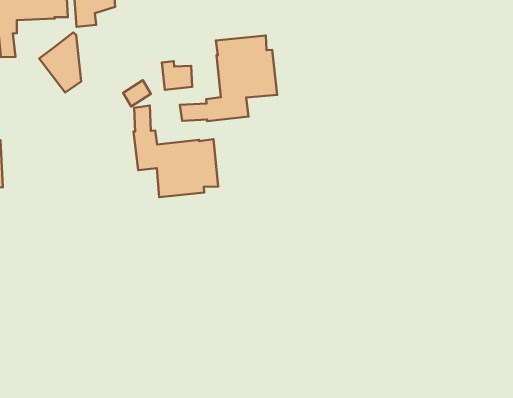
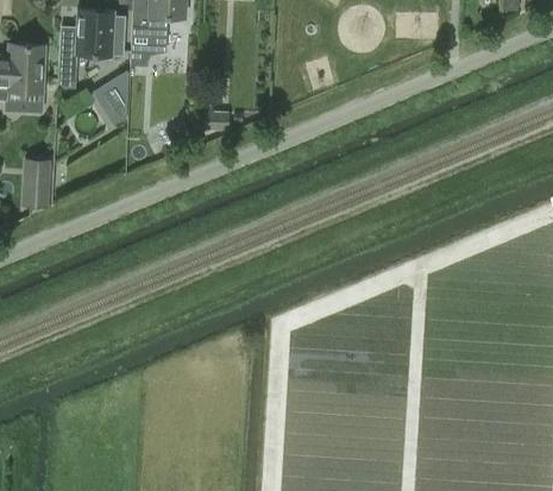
building: [180,36,277,121] -> none
building: [134,106,218,197] -> none

